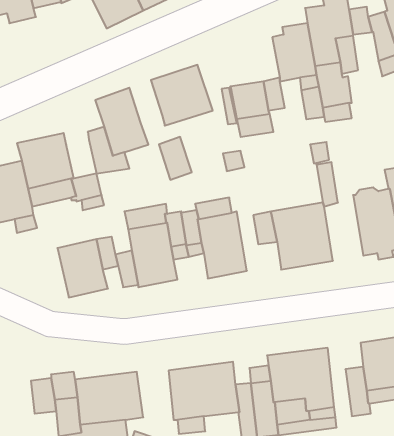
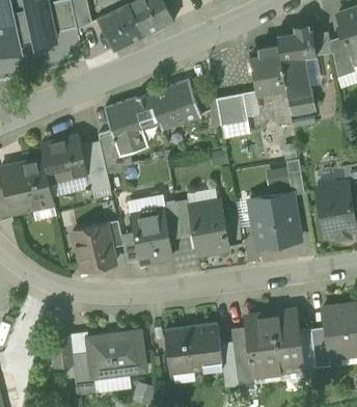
building: [159,137,192,180] -> [133,92,160,128]
building: none -> [81,141,106,173]

